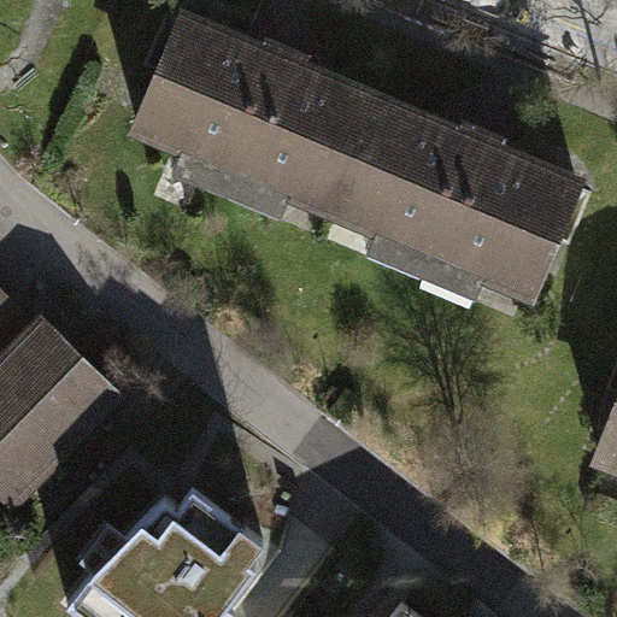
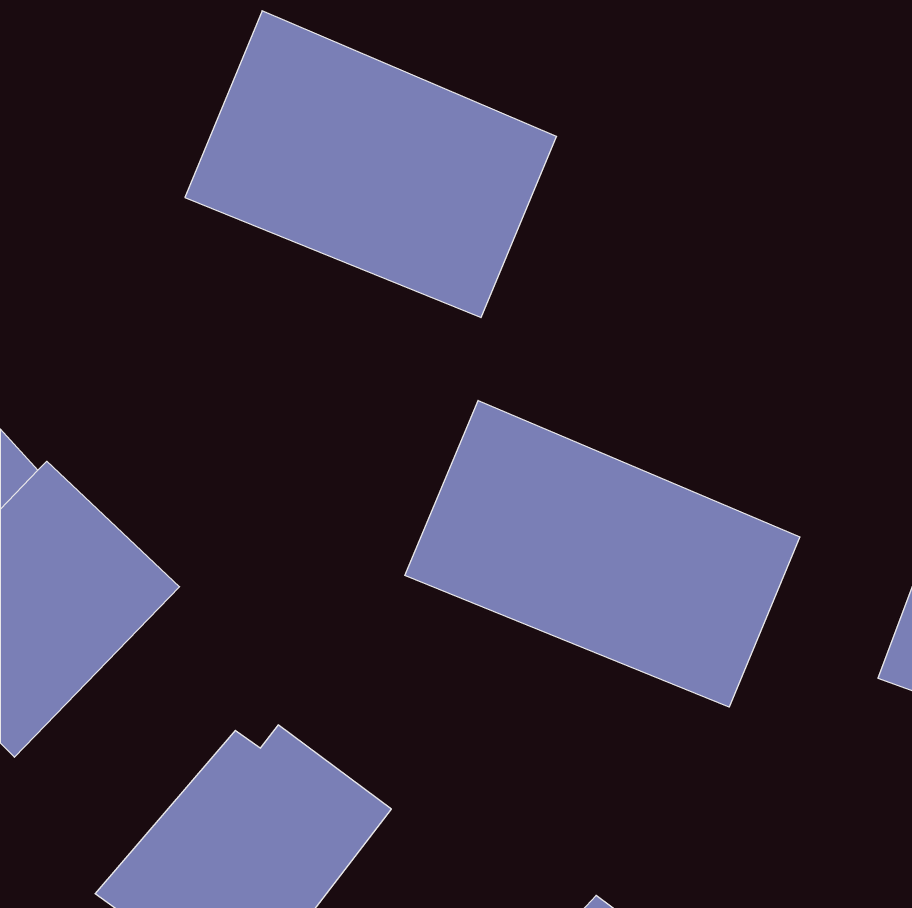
building: [327,98,581,305] -> none
building: none -> [405,400,800,707]

